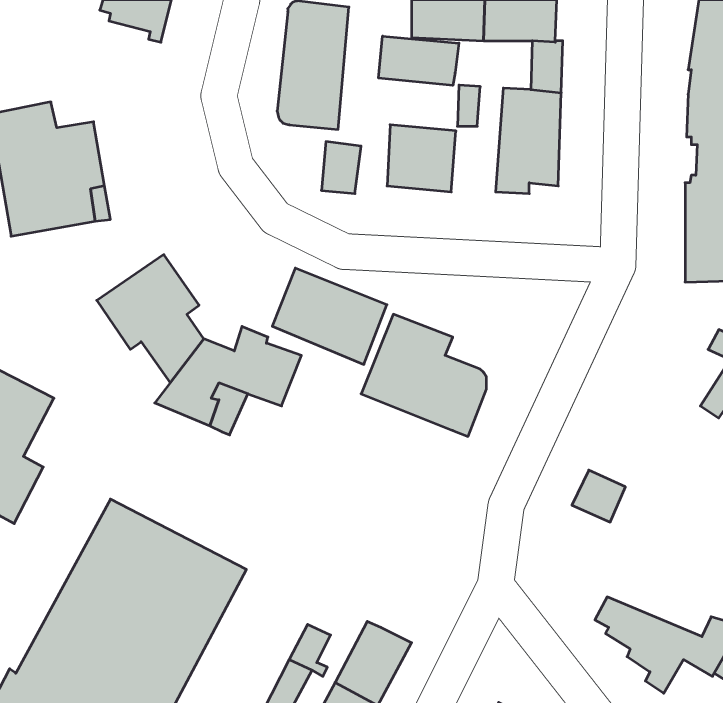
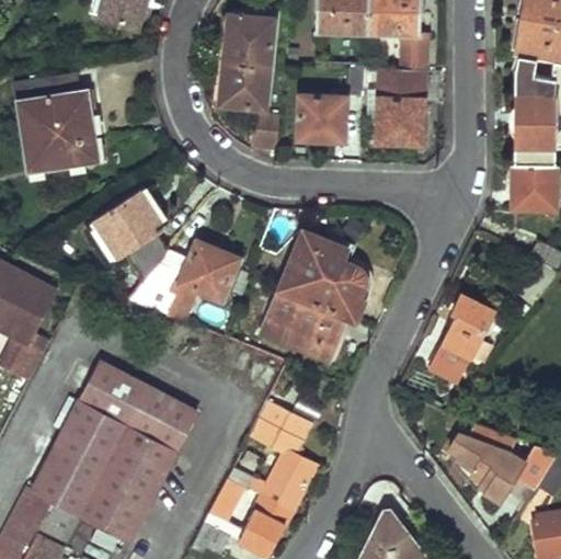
building: [379,36,459,85] -> none
building: [272,268,387,364] -> [263,287,345,356]
building: none -> [443,293,492,354]
building: none -> [251,402,309,455]

